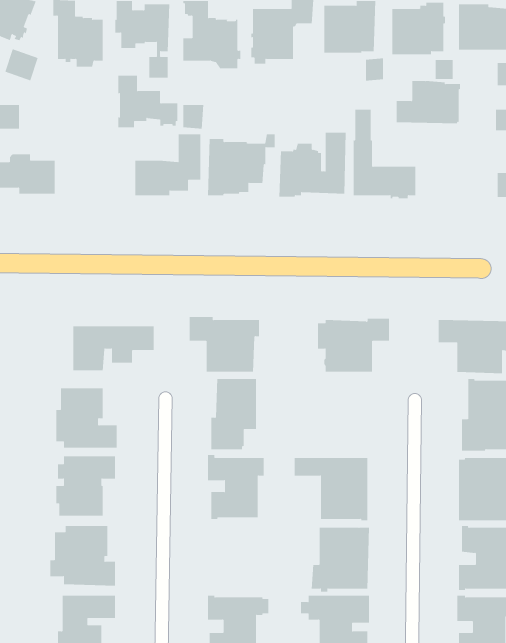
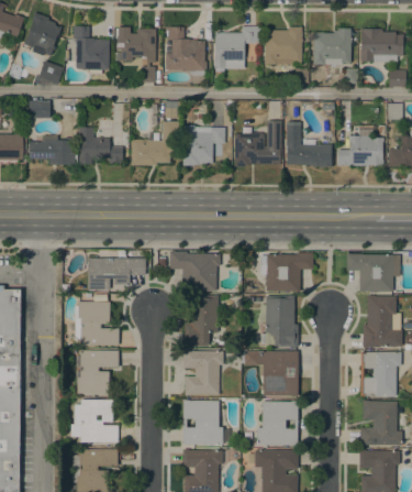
building: [118,75,178,128] -> [79,127,122,164]
building: [396,81,461,124] -> [337,135,383,166]
building: none -> [258,295,298,347]
building: none -> [182,400,229,444]

